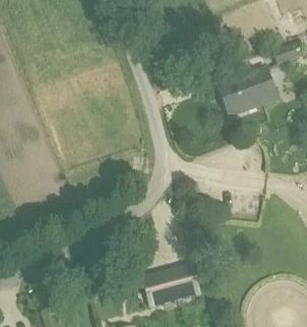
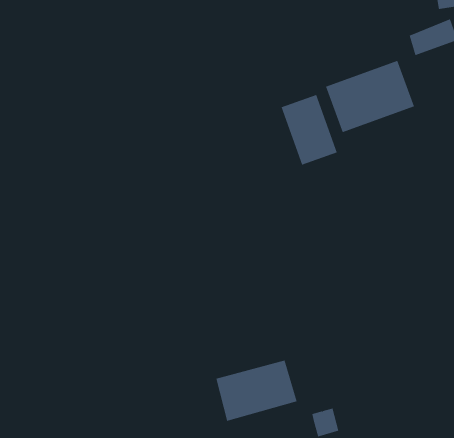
building: none -> [281,94,338,165]

